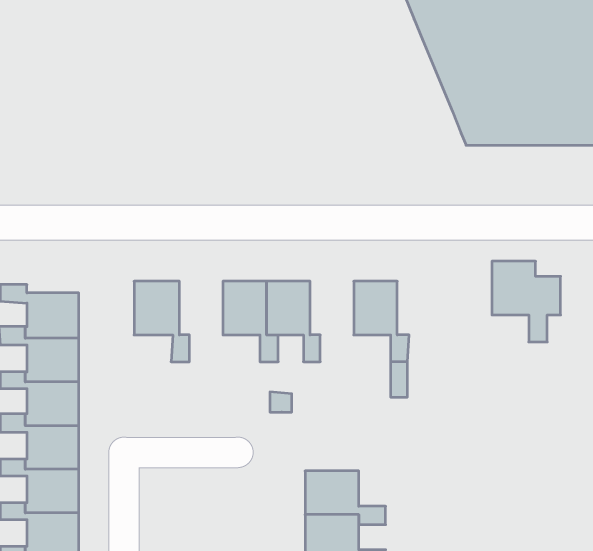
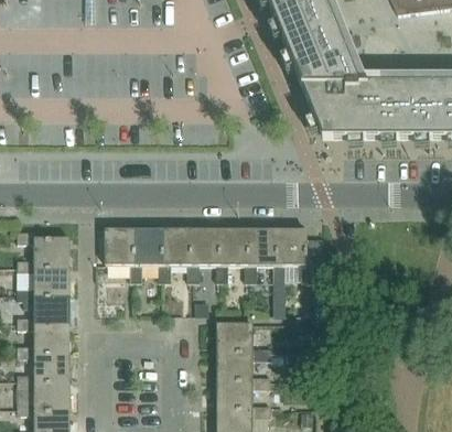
building: [492,261,561,342] -> [279,228,324,281]
building: none -> [136,228,172,281]
building: none -> [222,228,257,281]
building: none -> [218,323,271,359]

